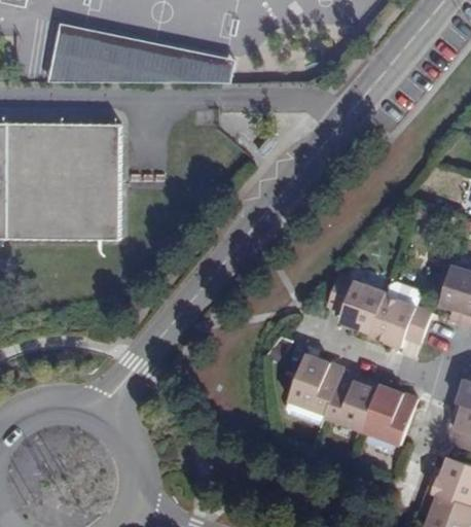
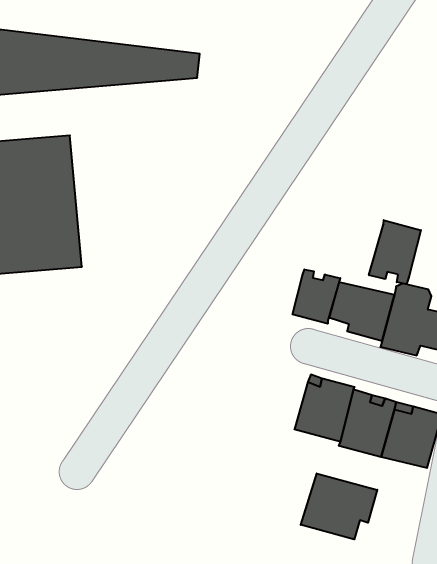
building: none -> [369,220,421,284]
building: none -> [293,269,340,324]
building: none -> [301,473,377,539]

